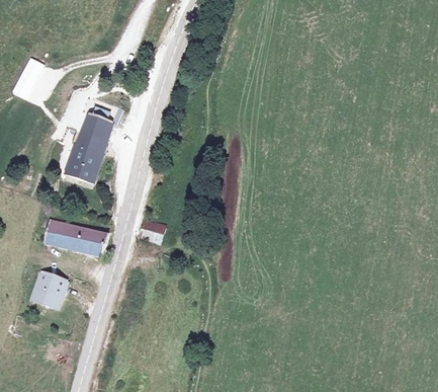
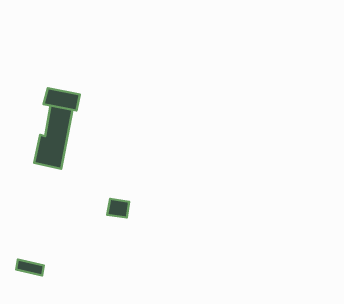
building: [47,222,108,252] -> none
building: [30,284,62,307] -> none

